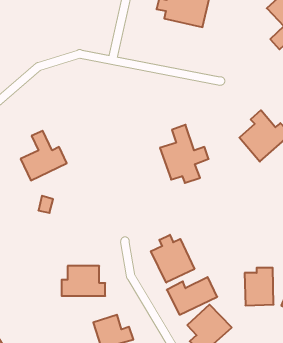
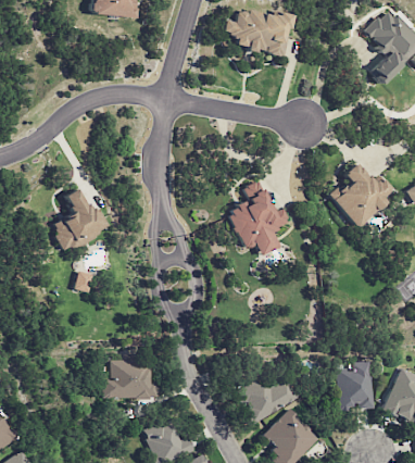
building: [151,235,194,283] -> none

